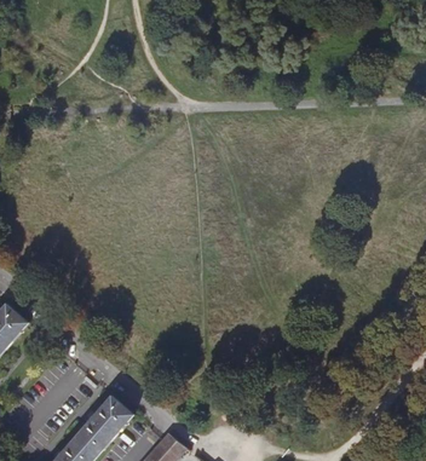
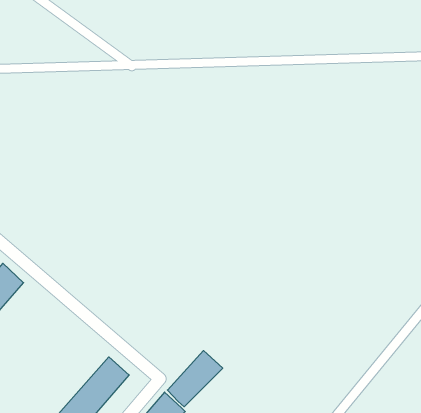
building: none -> [167,351,223,407]

